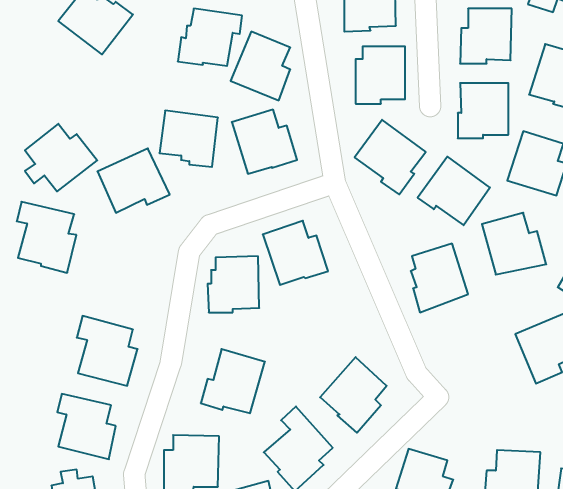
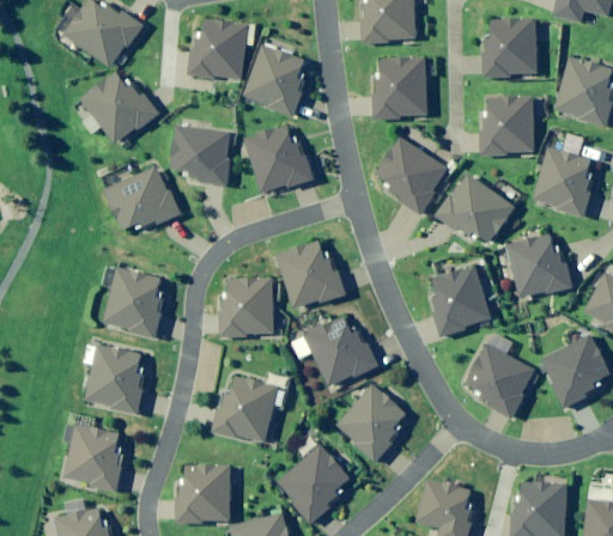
building: [25,124,97,191] -> [81,72,157,142]
building: [17,202,76,273] -> [102,263,164,337]
building: none -> [291,315,376,386]
building: none -> [465,341,535,420]

